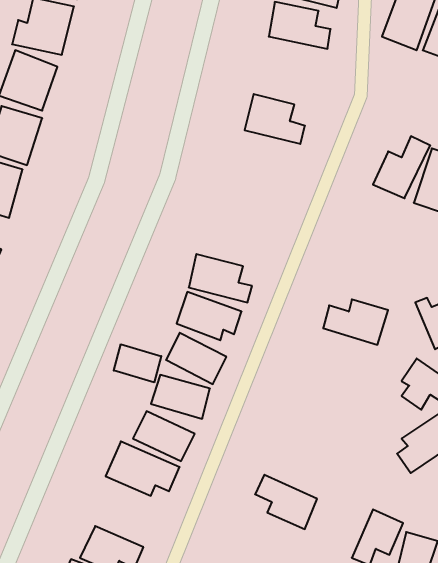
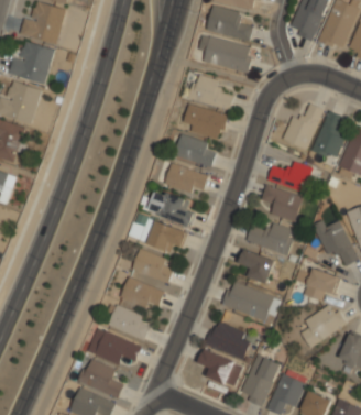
building: none -> [197,34,254,70]
building: none -> [182,101,228,139]
building: none -> [174,133,218,166]
building: none -> [267,159,315,192]
building: none -> [164,161,208,195]
building: none -> [261,184,304,221]
building: none -> [239,248,276,283]
building: [114,344,161,382] -> none
building: none -> [222,281,282,320]
building: none -> [206,320,253,359]
building: none -> [239,354,280,405]
building: none -> [78,357,128,397]

